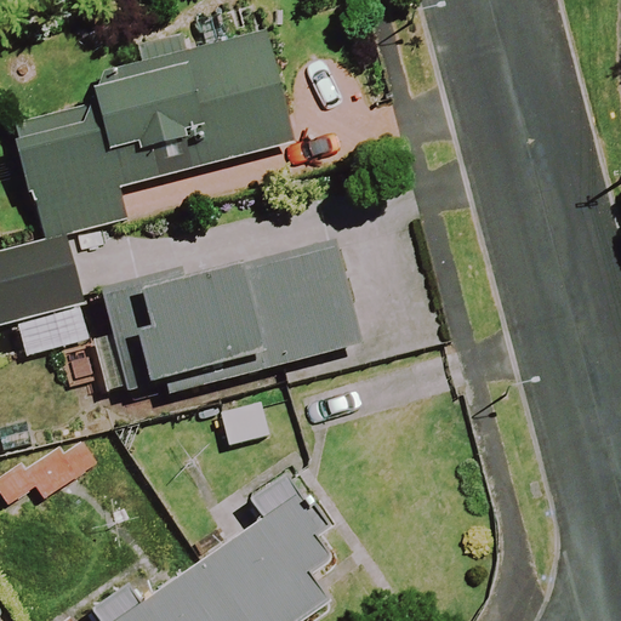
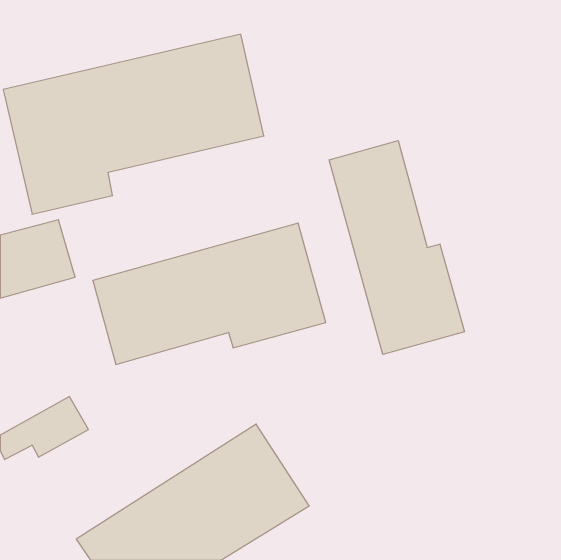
building: none -> [329,141,465,354]

